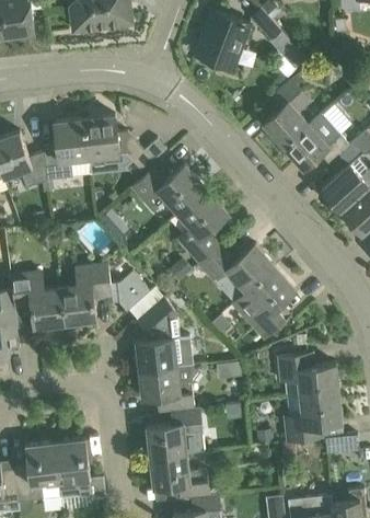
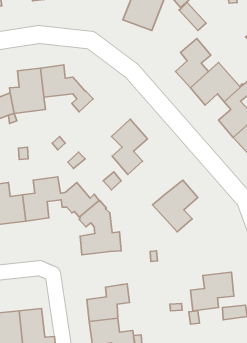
building: [132,166,204,211] -> none
building: [199,244,275,290] -> none
building: [278,355,338,396] -> none
building: [139,365,197,414] -> none

